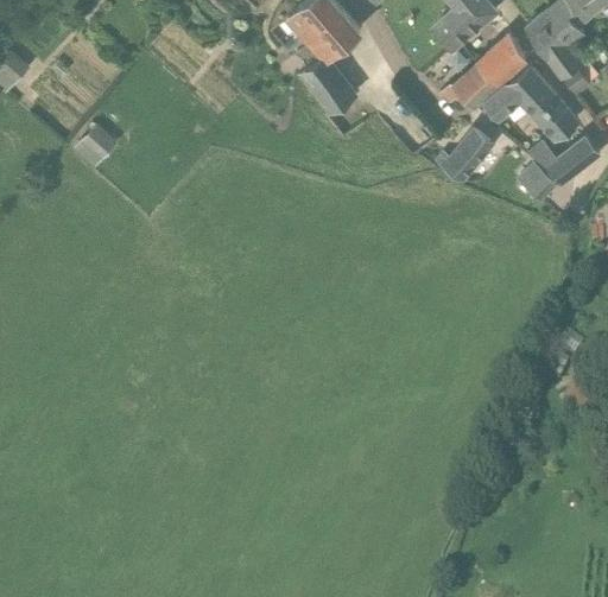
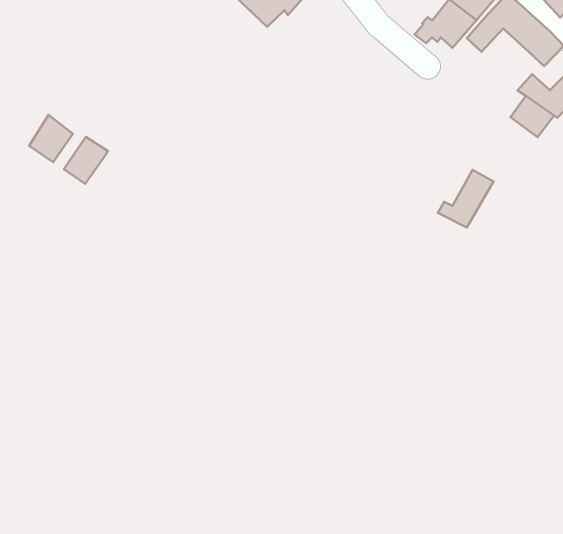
building: [298,56,354,114] -> none
building: [437,128,492,180] -> [438,170,493,227]
building: none -> [64,137,108,184]

